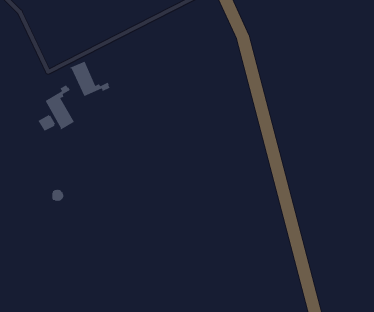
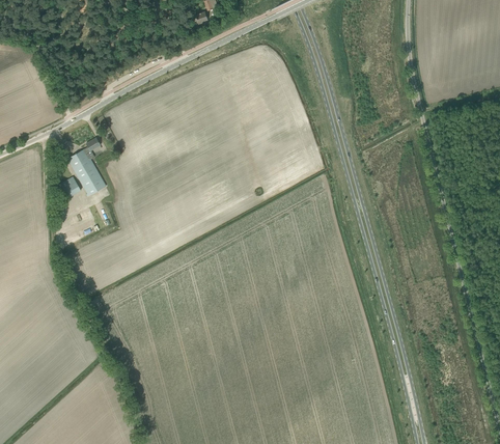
building: [69,61,110,97] -> none

